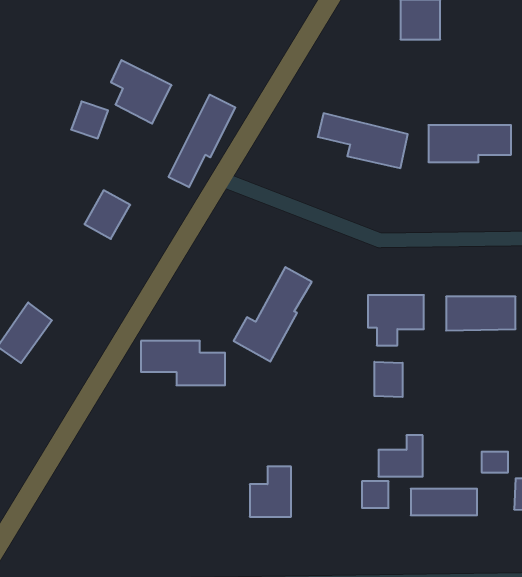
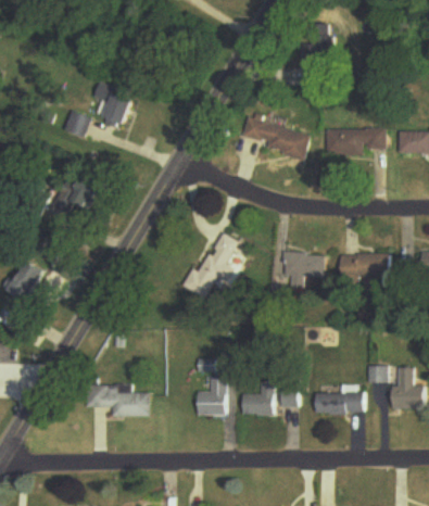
building: [169,95,235,187] -> none
building: [141,341,225,385] -> [86,384,148,417]
building: [374,362,403,397] -> none
building: [378,435,423,477] -> [239,384,272,415]

